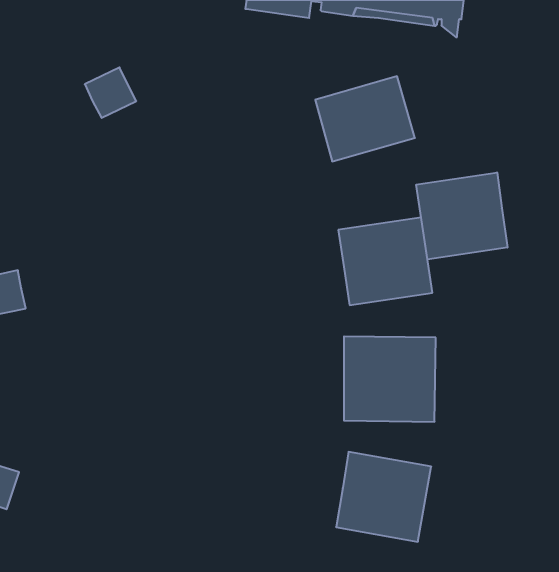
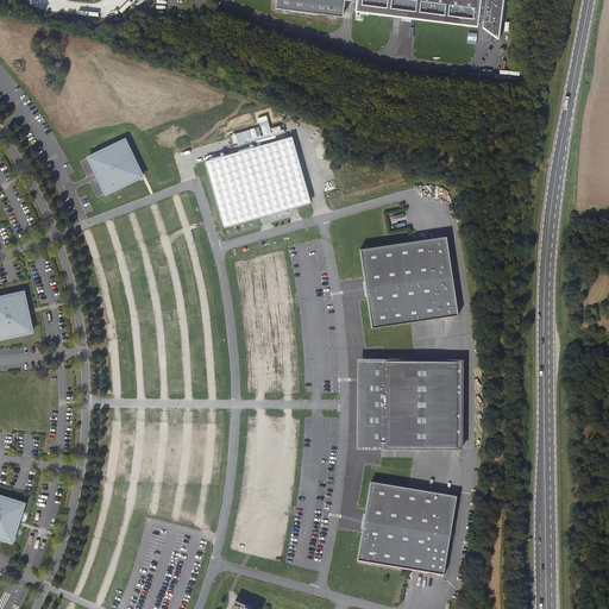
building: [85,67,136,118] -> [84,134,139,188]
building: [315,76,415,161] -> [203,131,309,221]
building: [416,172,507,260] -> none

